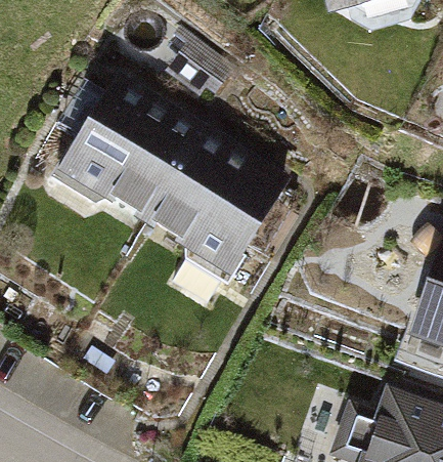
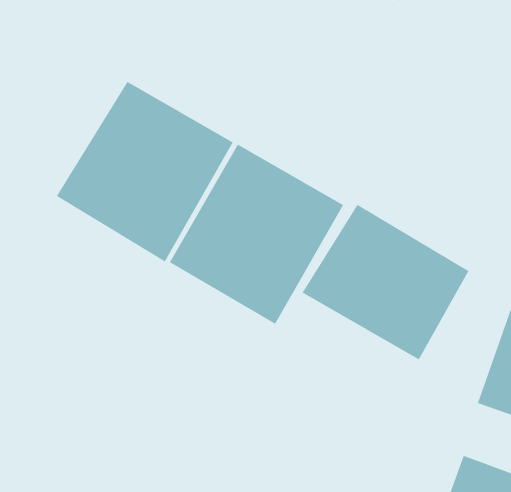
building: none -> [302,204,469,360]

